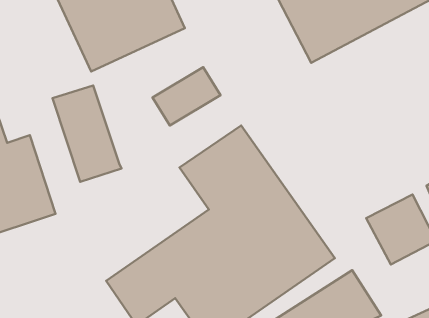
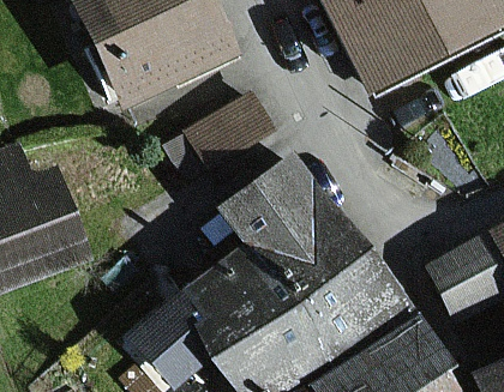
building: [53,85,121,182] -> none

